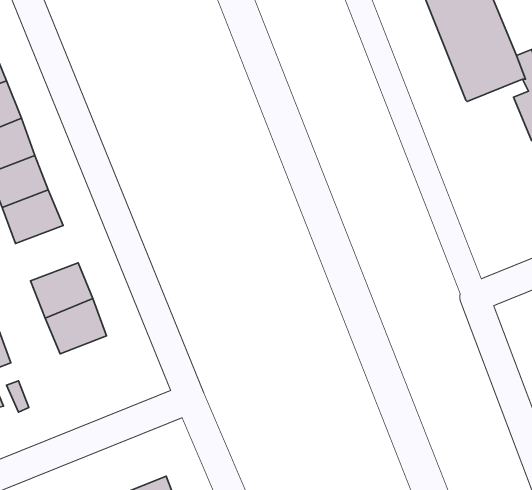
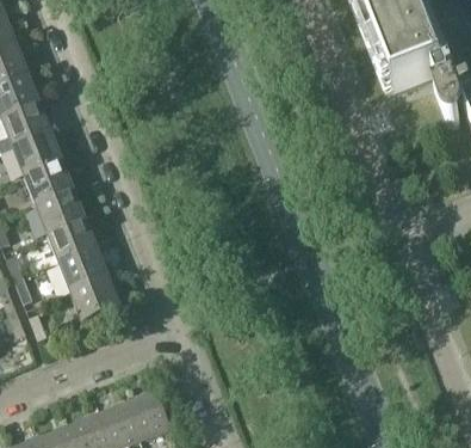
building: none -> [36,189,86,233]
building: none -> [72,277,120,320]

